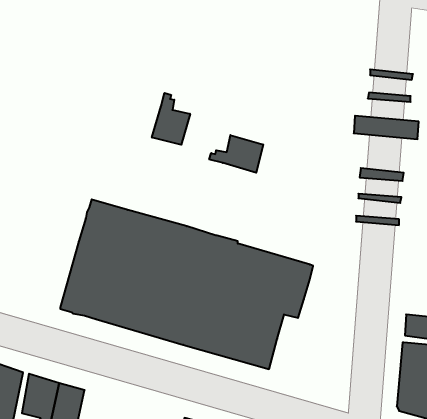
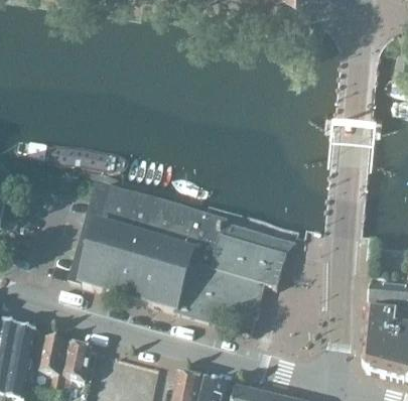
building: [152,93,190,145] -> none
building: [209,135,263,173] -> none

